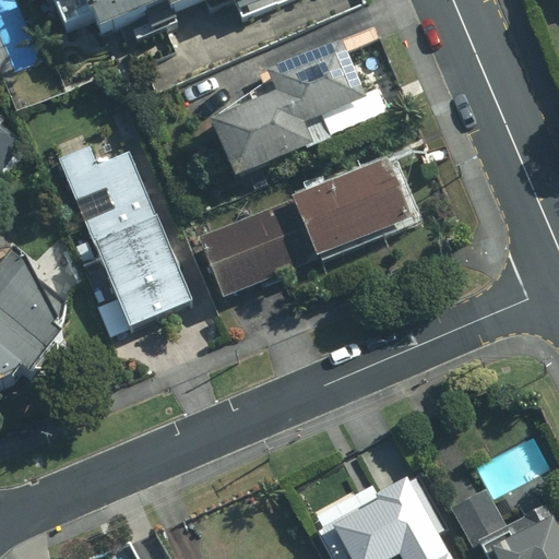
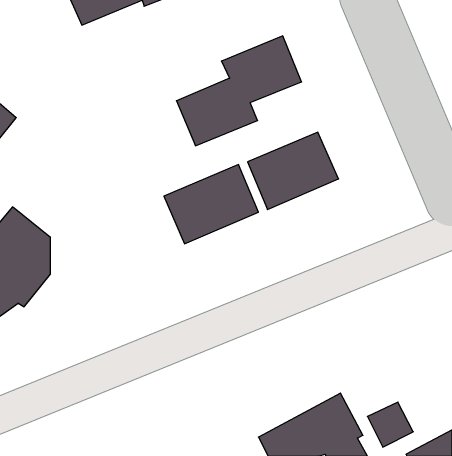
building: [56,145,189,326] -> none

